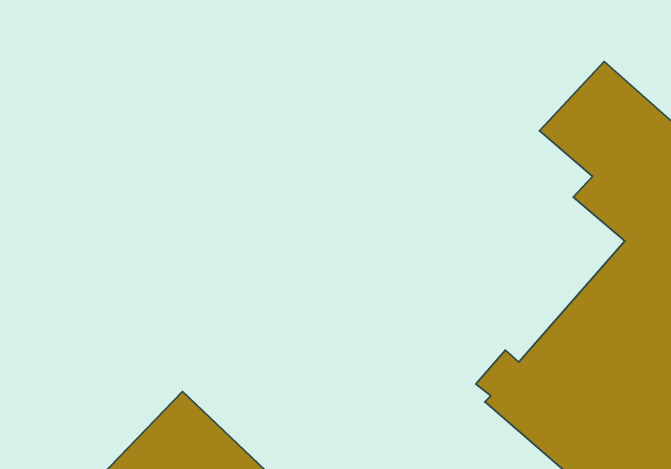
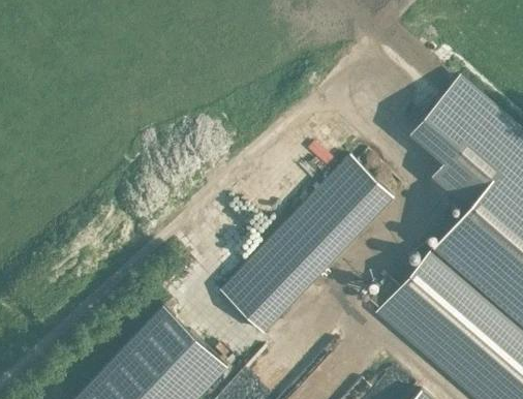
building: none -> [220,154,395,333]

